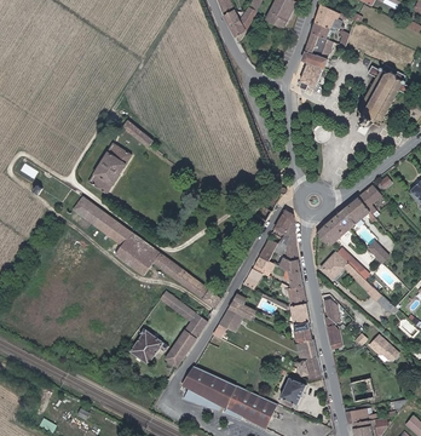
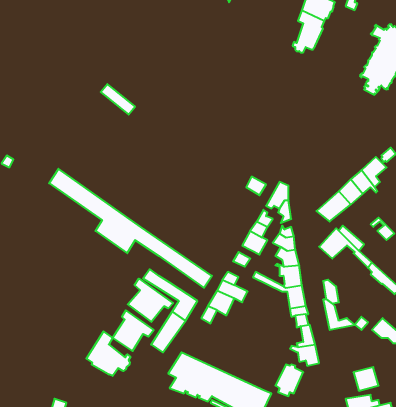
building: [87,143,131,194] -> none
building: none -> [128,279,173,322]
building: none -> [86,331,130,376]

